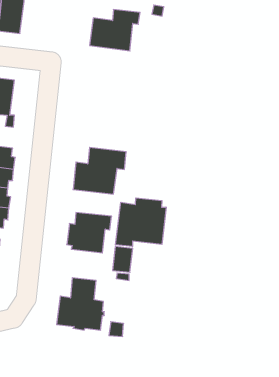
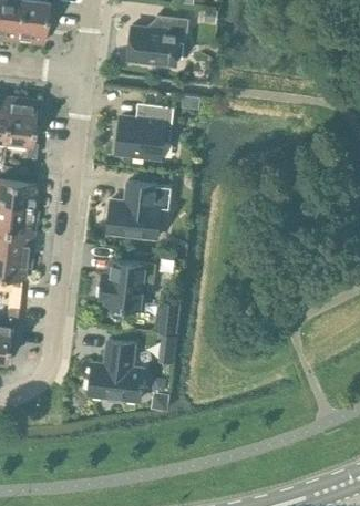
building: none -> [117,104,175,158]
building: [115,198,166,247] -> none

